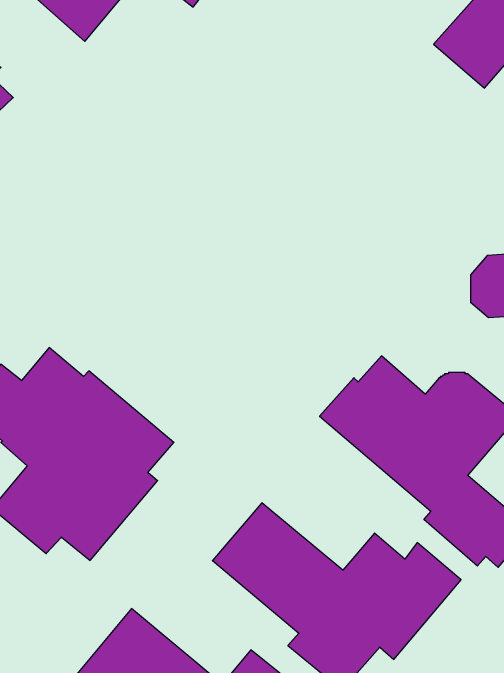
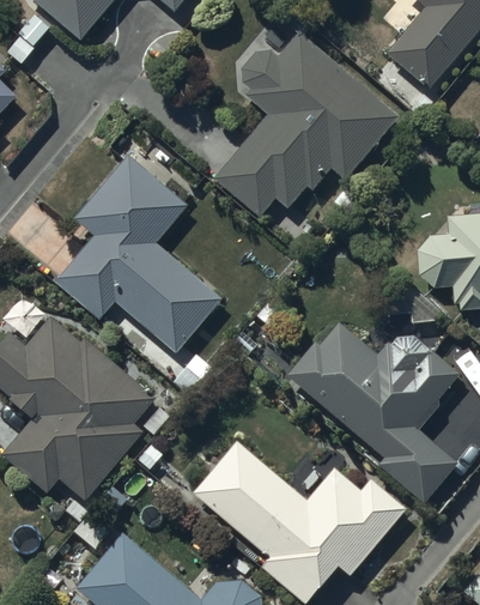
building: none -> [218,29,400,212]
building: none -> [54,152,223,352]

